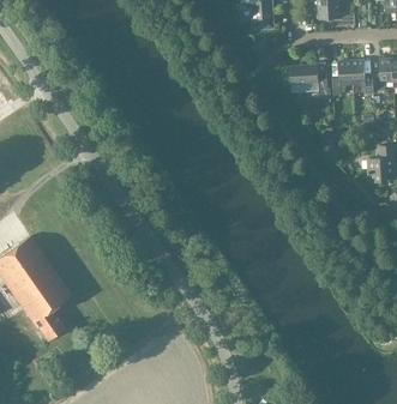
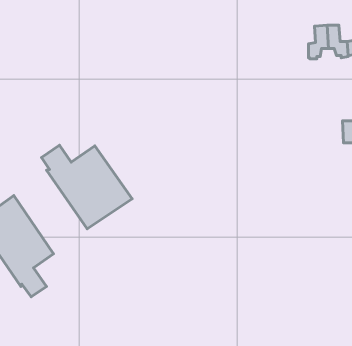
building: [290,65,327,95] -> none
building: none -> [42,145,132,229]

